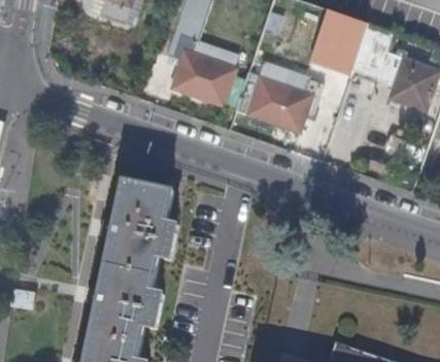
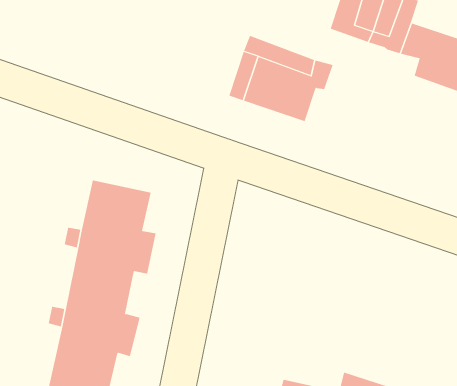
building: [172,40,236,108] -> none

